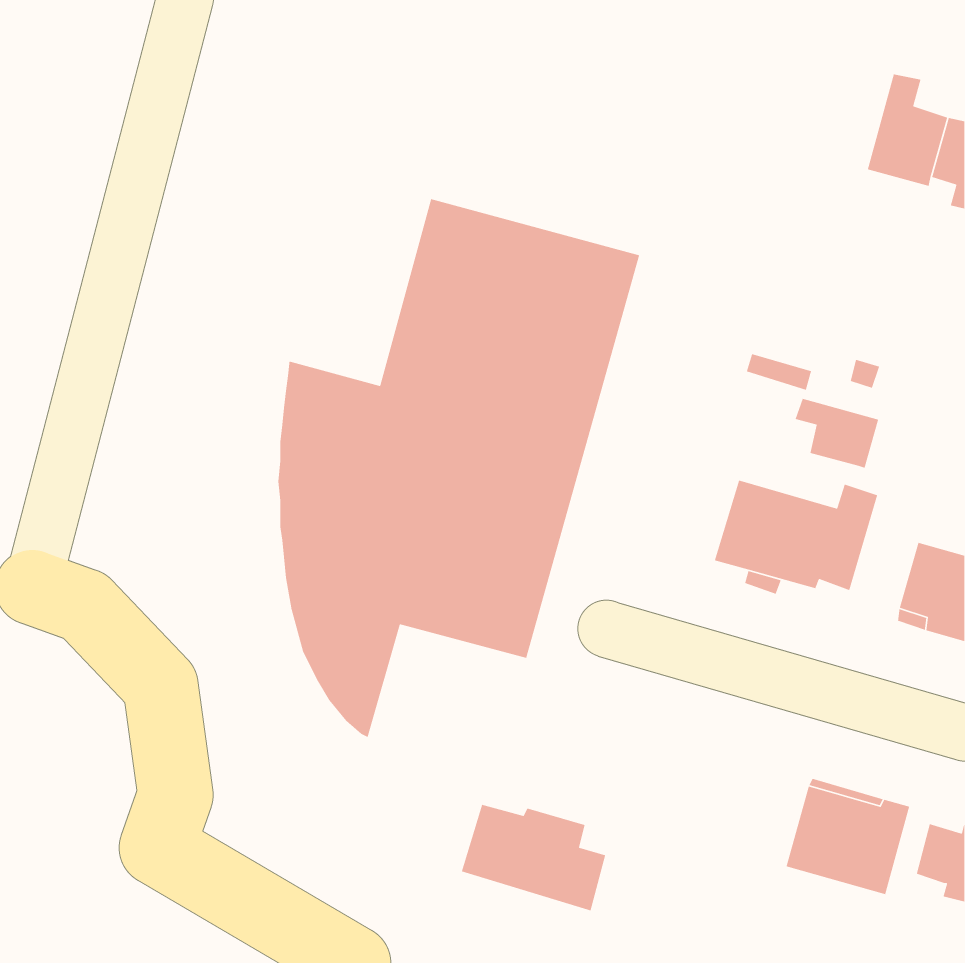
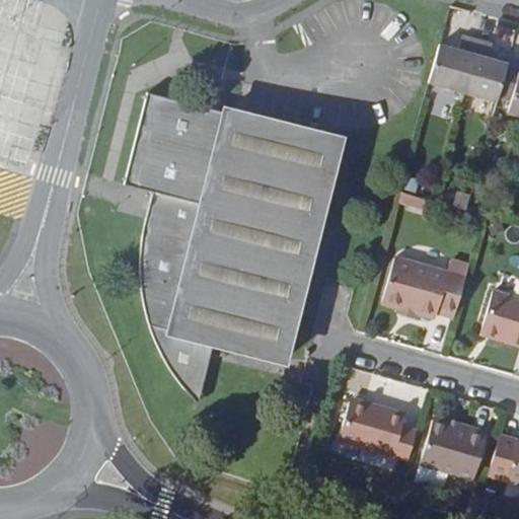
building: none -> [430,34,479,91]
building: none -> [130,84,231,207]
building: [794,398,879,469] -> none
building: [461,804,606,911] -> [340,403,418,461]

